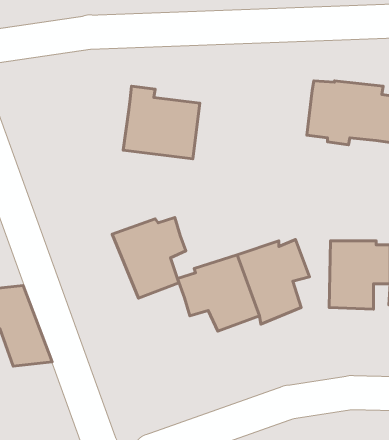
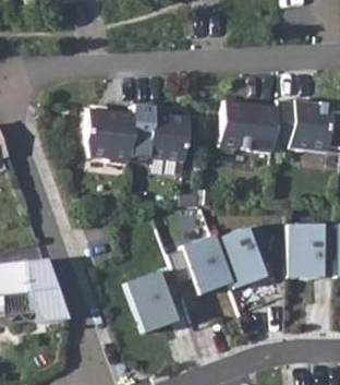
building: none -> [219,101,277,154]
building: none -> [85,110,134,165]
building: [112,217,186,298] -> [127,270,185,334]

